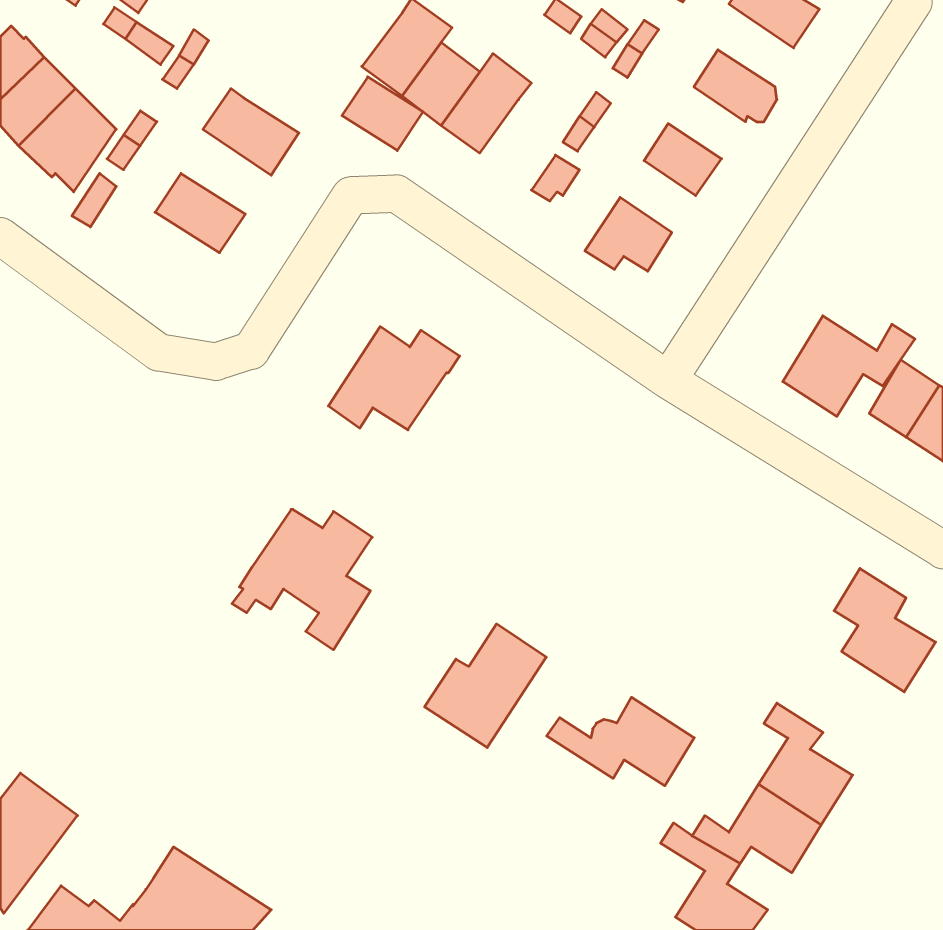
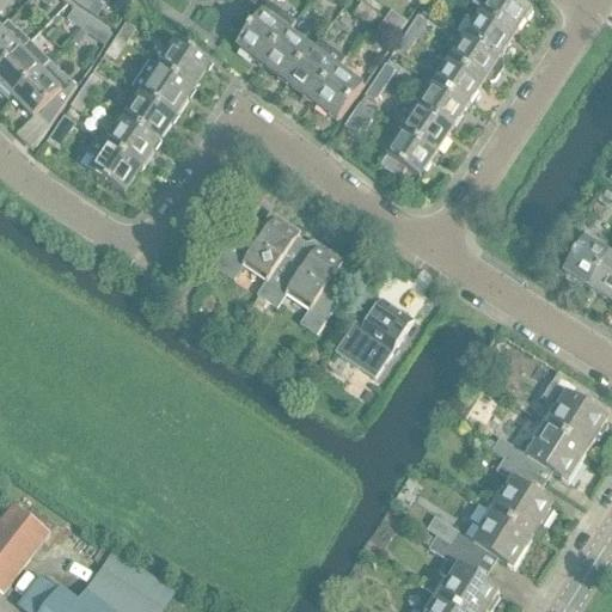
building: none -> [458,8,514,54]
building: [342,77,423,151] -> [158,38,210,86]
building: none -> [433,56,483,103]
building: none -> [311,65,362,118]
building: none -> [117,84,176,139]
building: none -> [402,104,451,151]
building: none -> [87,134,142,191]
building: [783,316,915,416] -> none
building: [232,509,372,650] -> [251,241,342,332]
building: [425,624,546,748] -> [335,295,414,375]
building: [547,697,694,786] -> [490,422,586,479]

